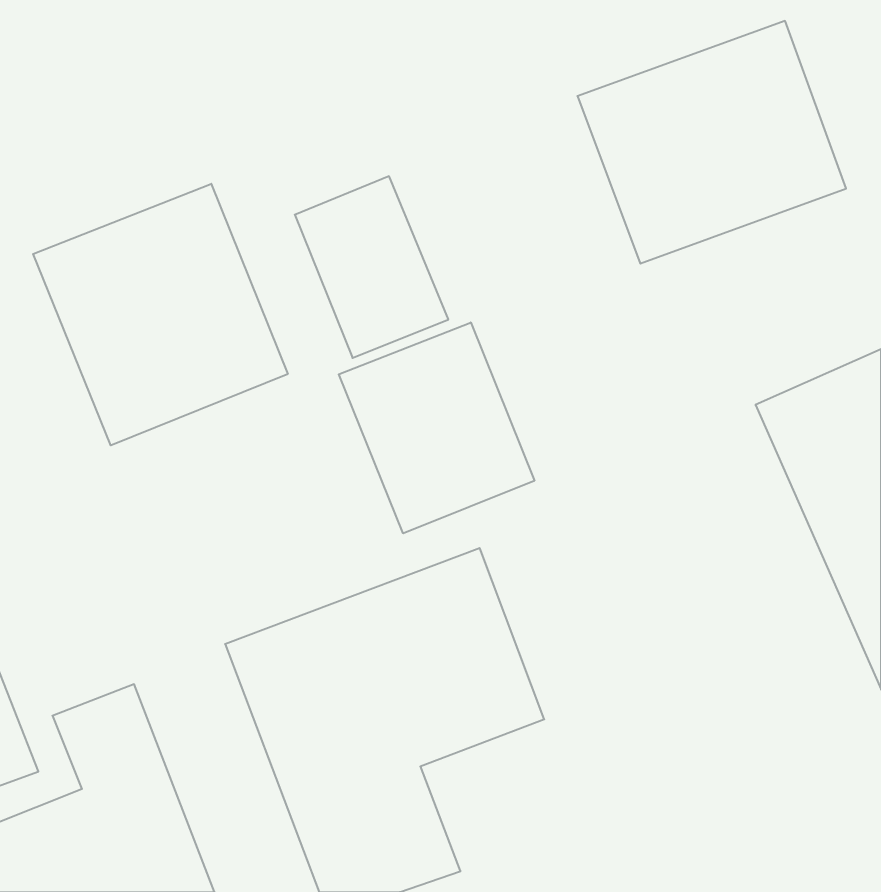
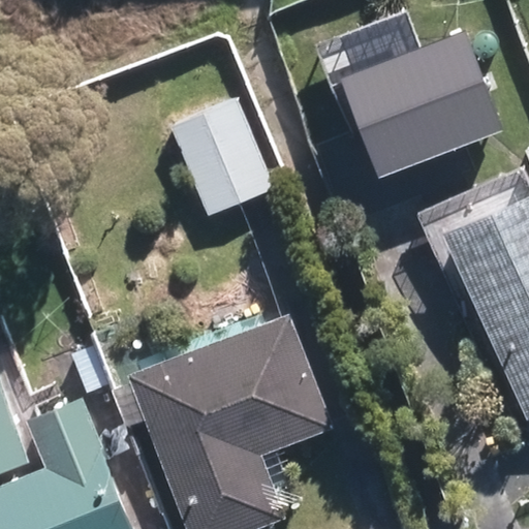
building: [33,184,288,445] -> none
building: [339,322,534,533] -> none

